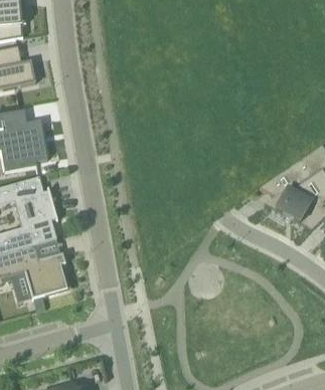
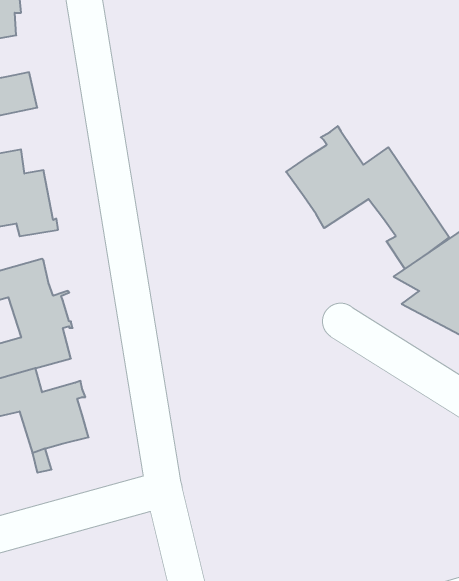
building: none -> [286,126,449,269]

